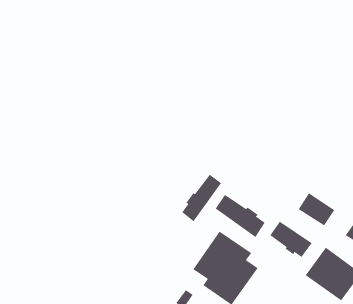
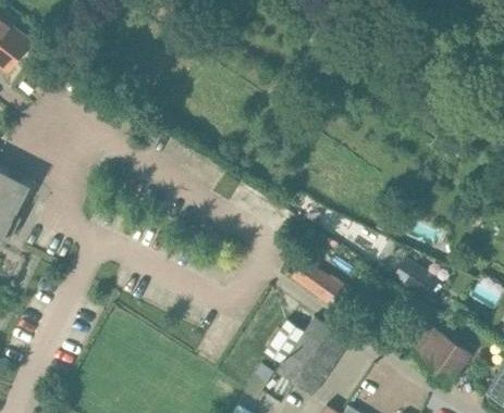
building: [181,174,222,222] -> none
building: [270,221,313,258] -> none

